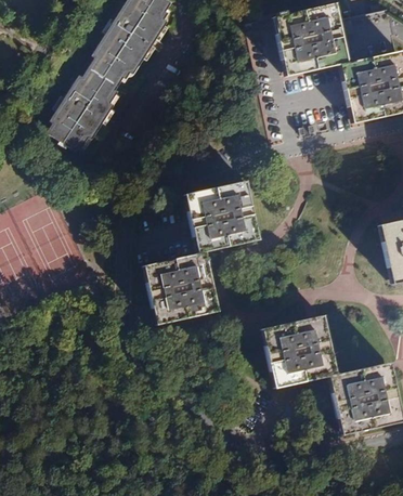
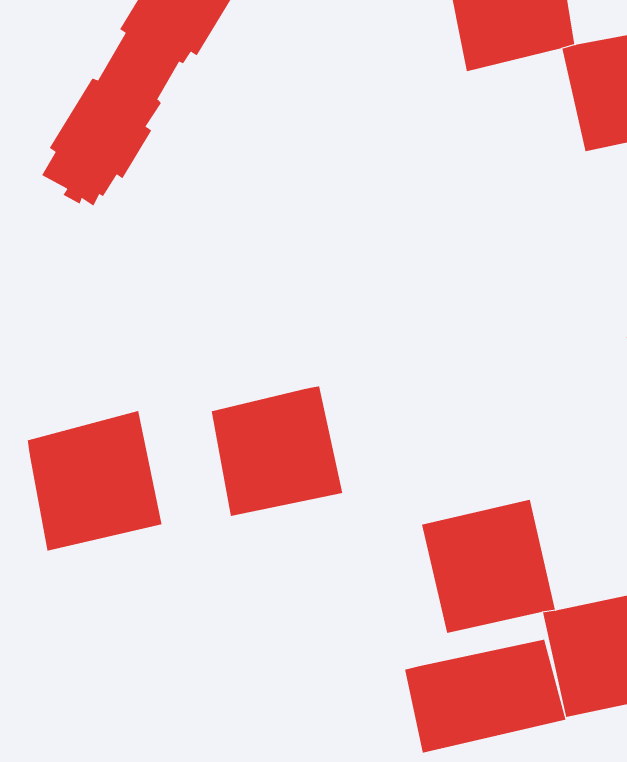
building: [188,180,260,252] -> none
building: none -> [27,410,162,552]
building: none -> [404,639,566,753]

